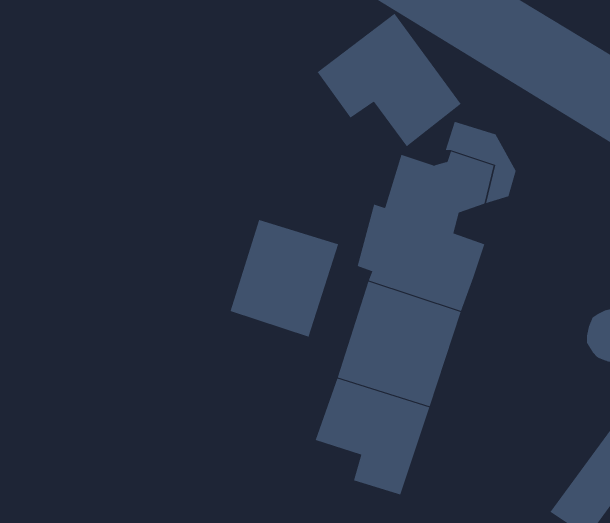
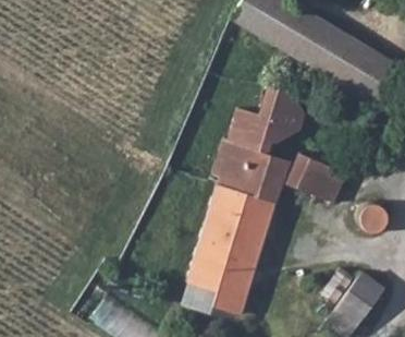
building: [317,13,462,147] -> none
building: [230,219,339,337] -> none
building: none -> [284,153,341,204]

